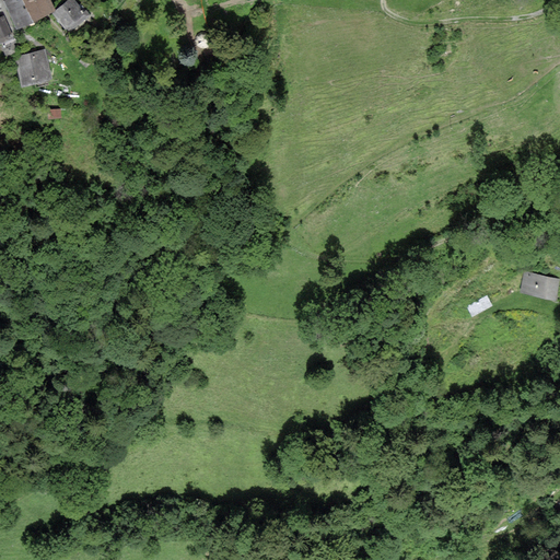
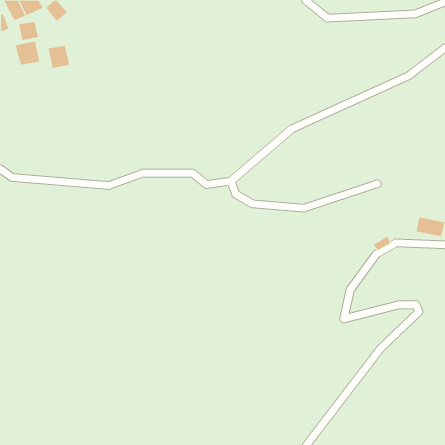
building: none -> [18,21,39,41]
building: none -> [48,45,70,69]

